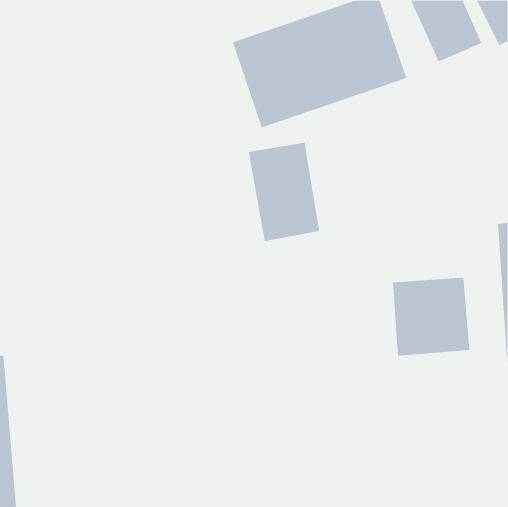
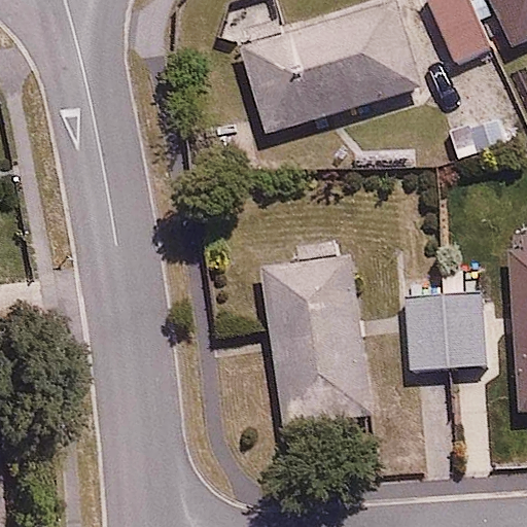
building: [248,142,320,242] -> none
building: none -> [259,254,367,426]

